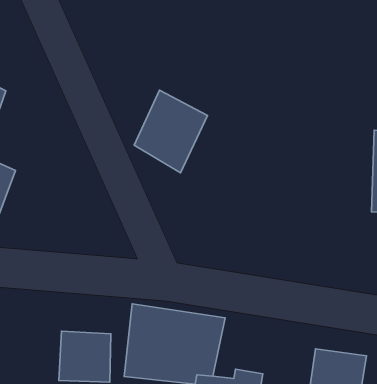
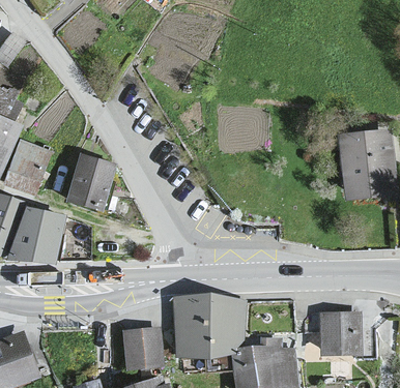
building: [134,90,208,173] -> [64,157,117,218]

